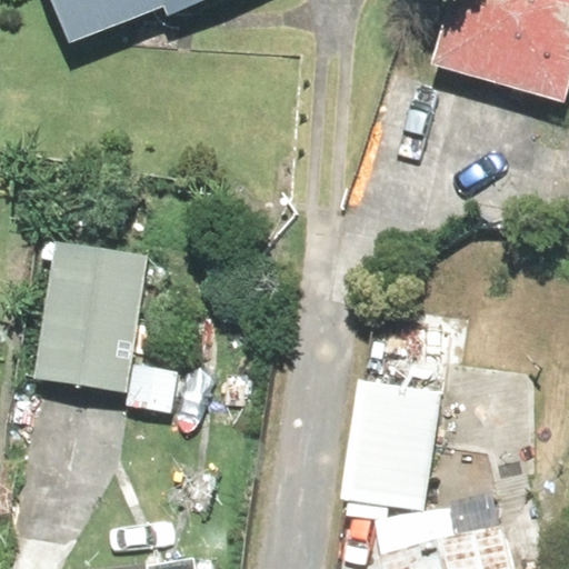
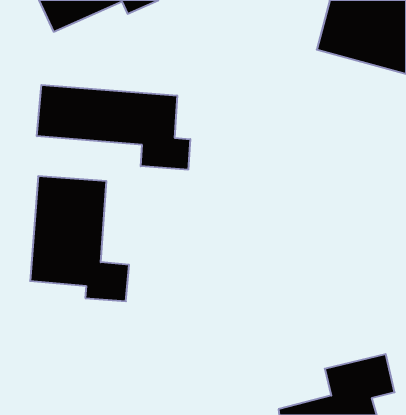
building: none -> [37,85,190,170]
building: [341,380,433,510] -> none

